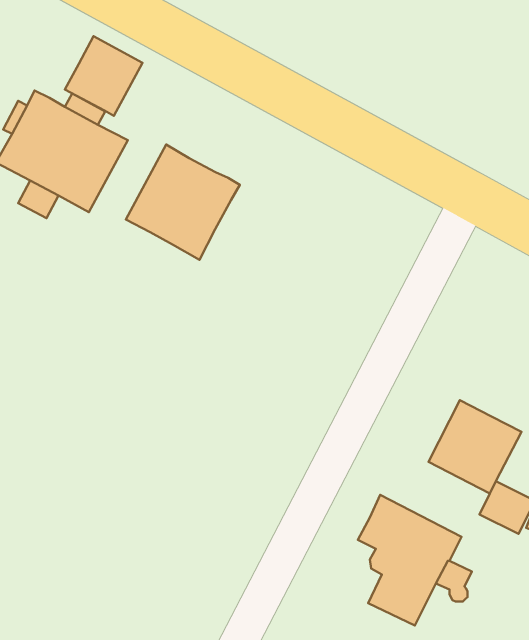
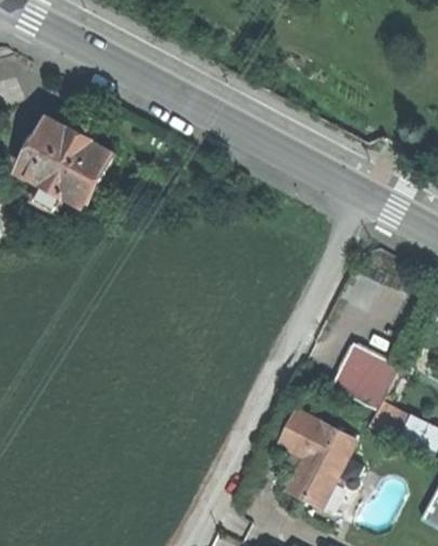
building: [65,36,143,116] -> none
building: [126,144,240,260] -> none

